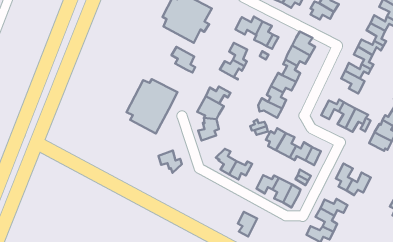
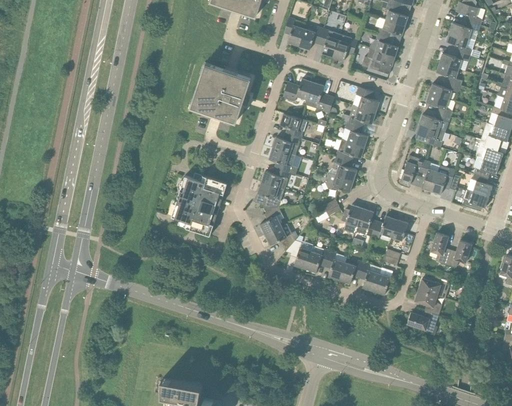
building: [171,47,195,73] -> [268,148,298,175]
building: [158,151,182,173] -> [265,226,294,252]
building: [238,212,257,236] -> [324,252,346,280]

